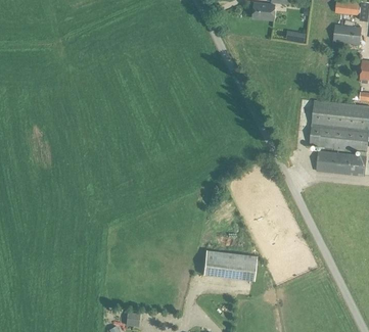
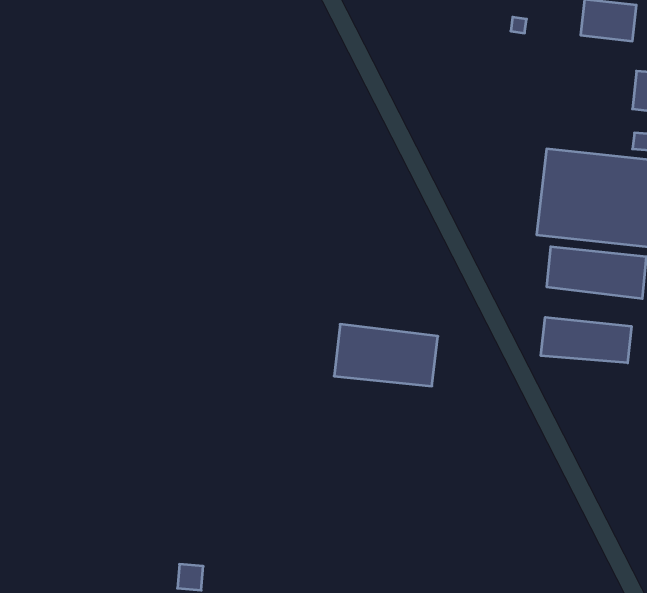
building: none -> [541,317,631,363]
building: [203,256,257,288] -> [334,324,438,386]

